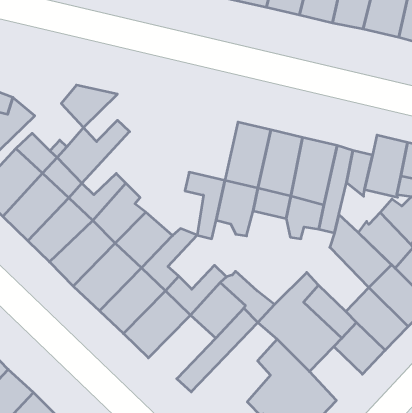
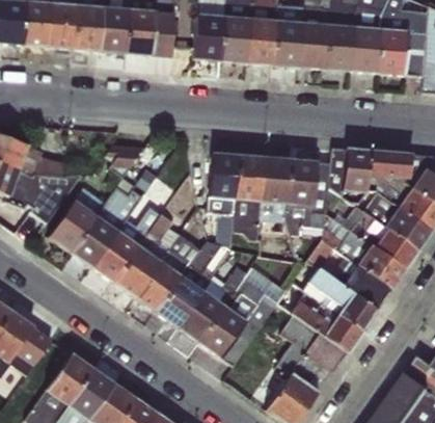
building: none -> [207,152,238,200]
building: none -> [197,306,246,359]
building: none -> [321,313,361,353]

